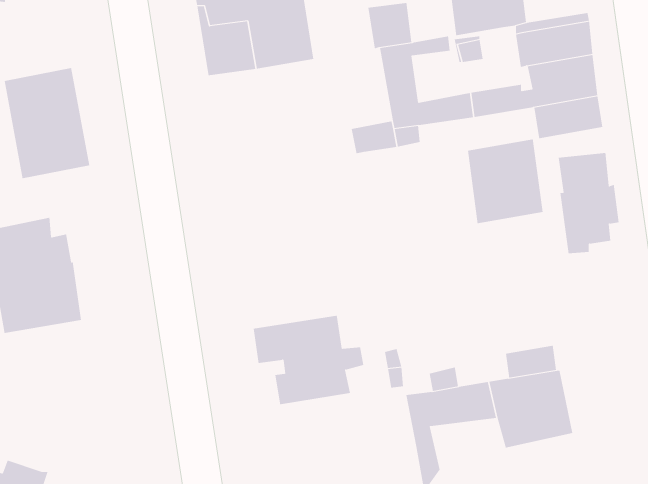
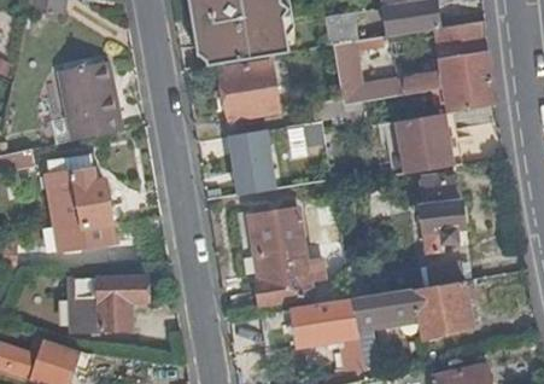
building: none -> [220,62,277,121]
building: [558,153,619,254] -> [420,178,464,251]
building: none -> [226,128,274,194]
building: none -> [235,210,302,250]
building: none -> [66,277,146,331]
building: none -> [262,298,358,350]

